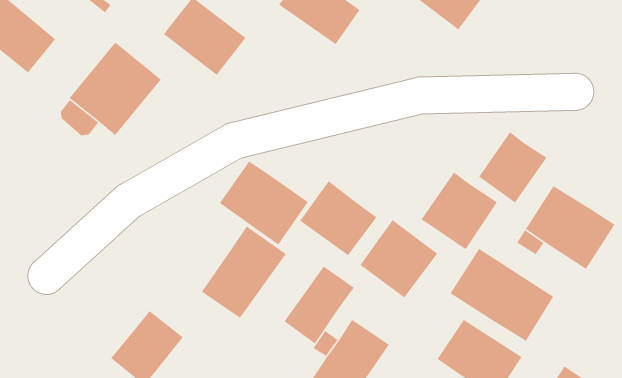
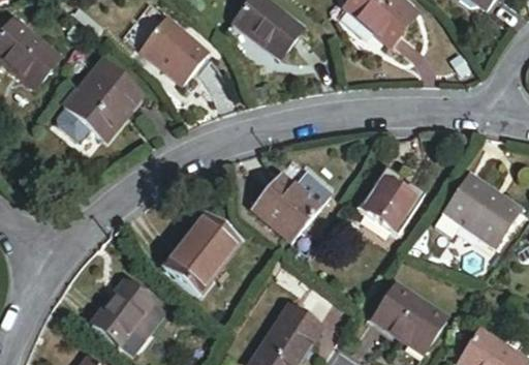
building: [478,131,548,204] -> none
building: [219,161,309,246] -> none
building: [359,219,438,298] -> none
building: [449,248,554,342] -> none
building: [284,265,355,344] -> none

